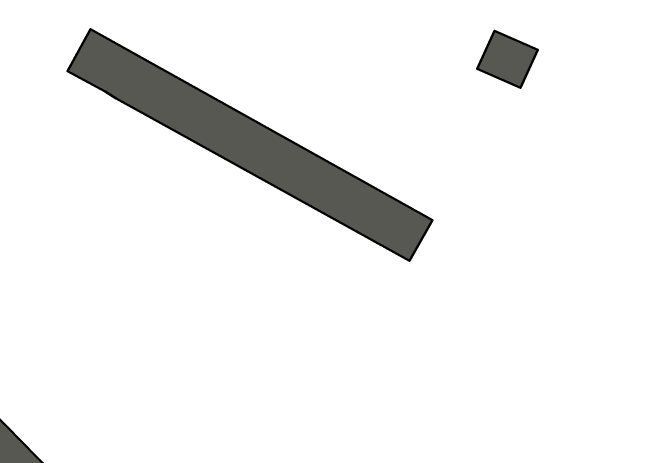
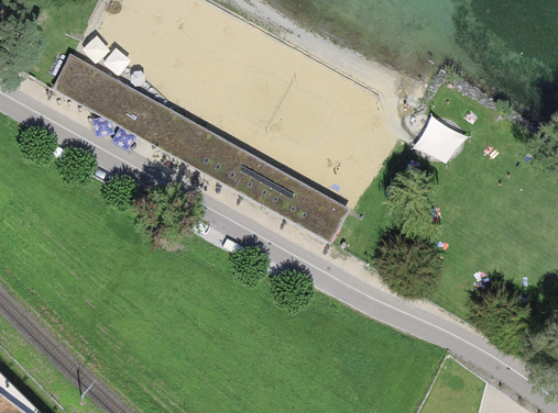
building: [477,31,538,88] -> [417,114,467,160]

